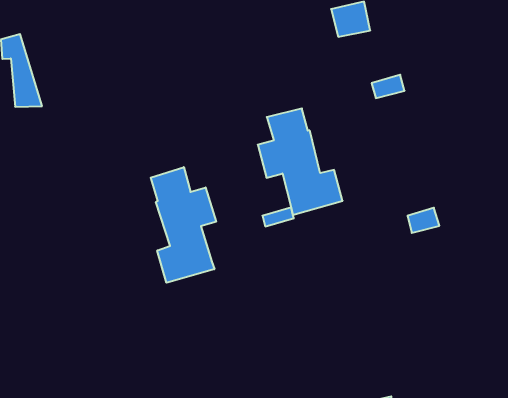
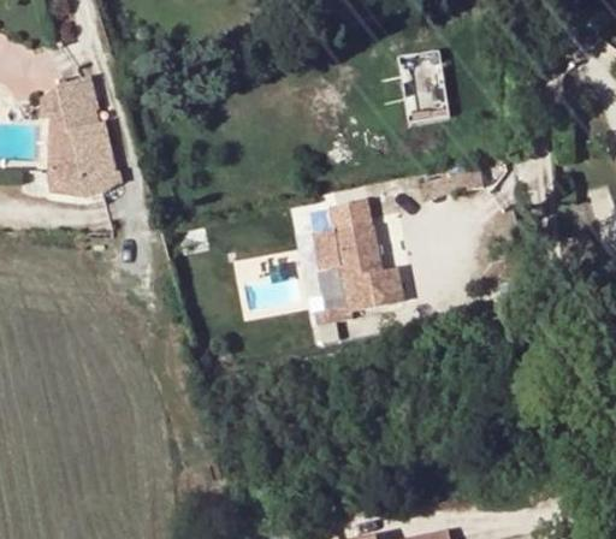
building: none -> [49,84,112,207]
building: [151,167,216,283] -> none

